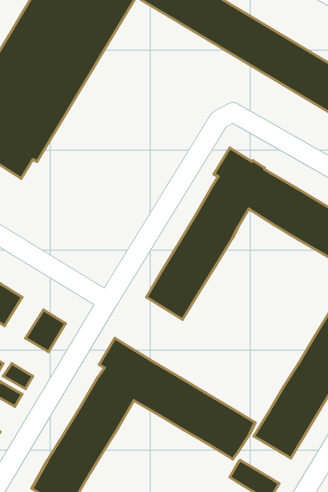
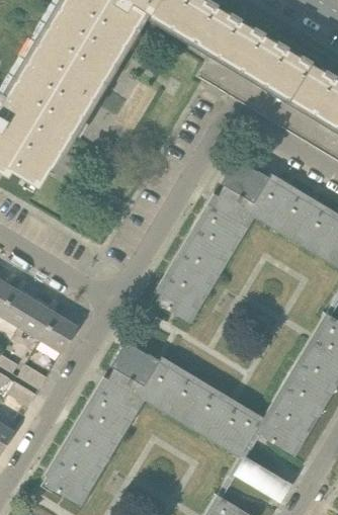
building: none -> [18,301,56,340]

